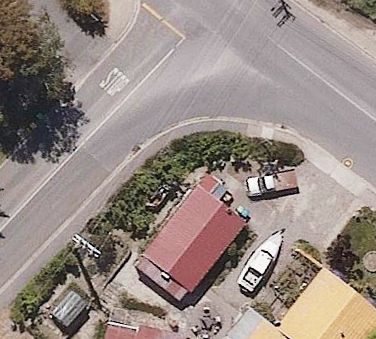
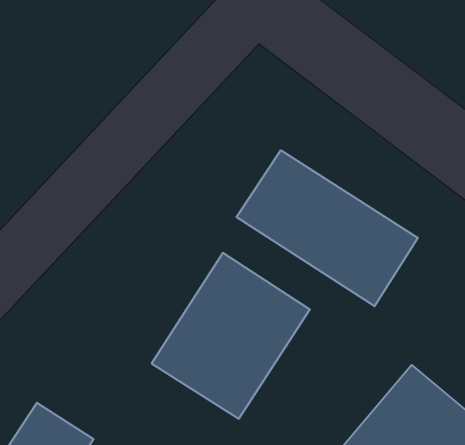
building: none -> [237,150,418,306]

